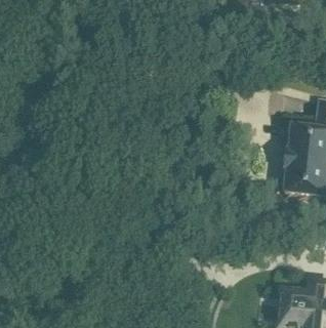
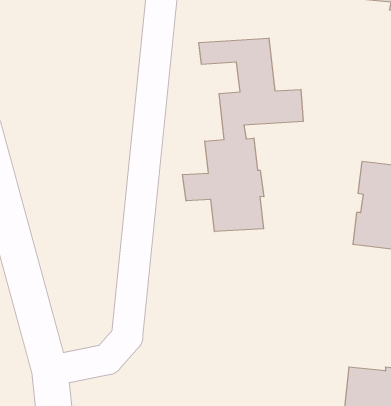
building: none -> [182,38,303,232]

